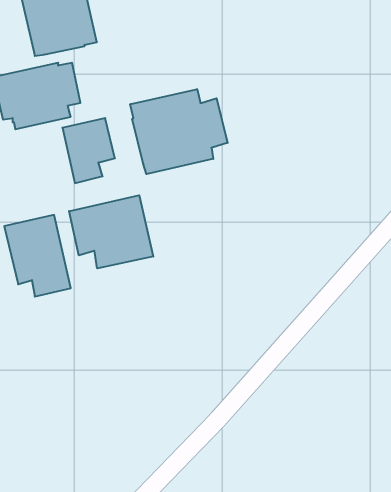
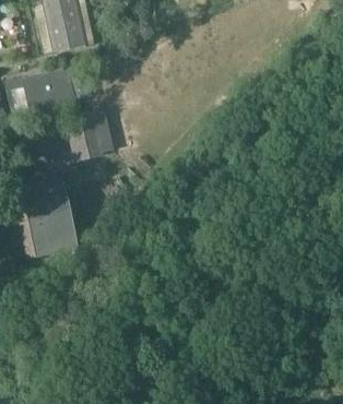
building: [130,89,228,174] -> none
building: [69,195,153,268] -> none

